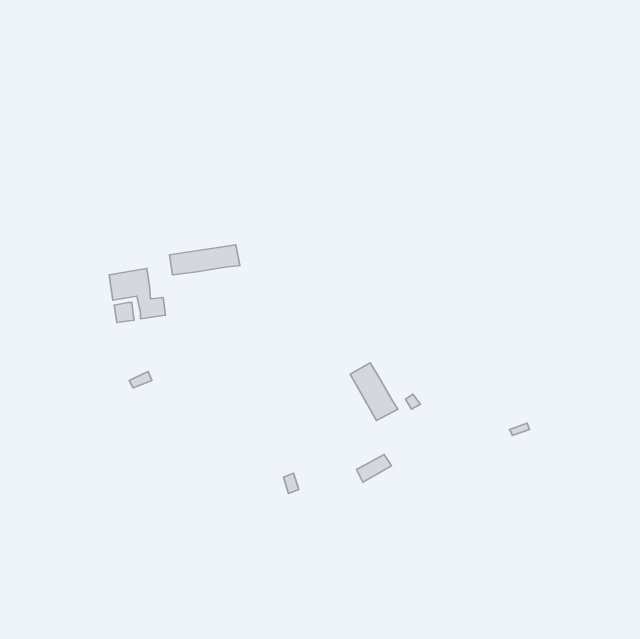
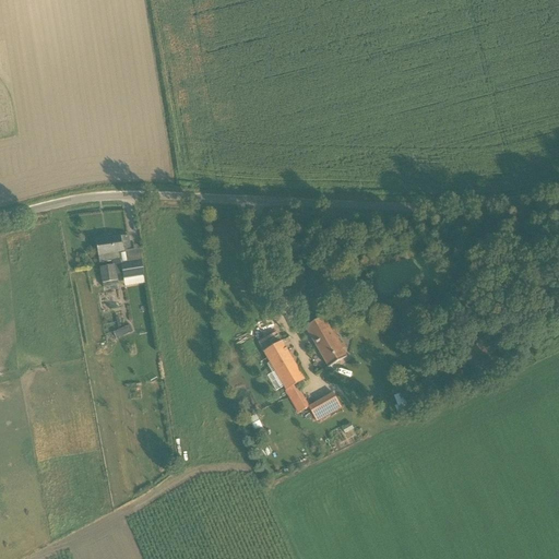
building: [169,245,240,275] -> none
building: none -> [259,332,308,408]

